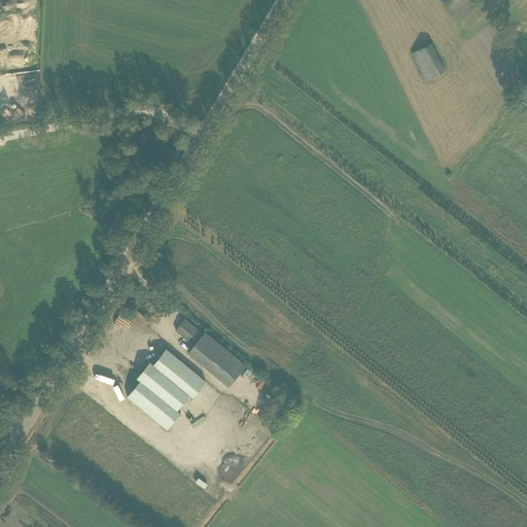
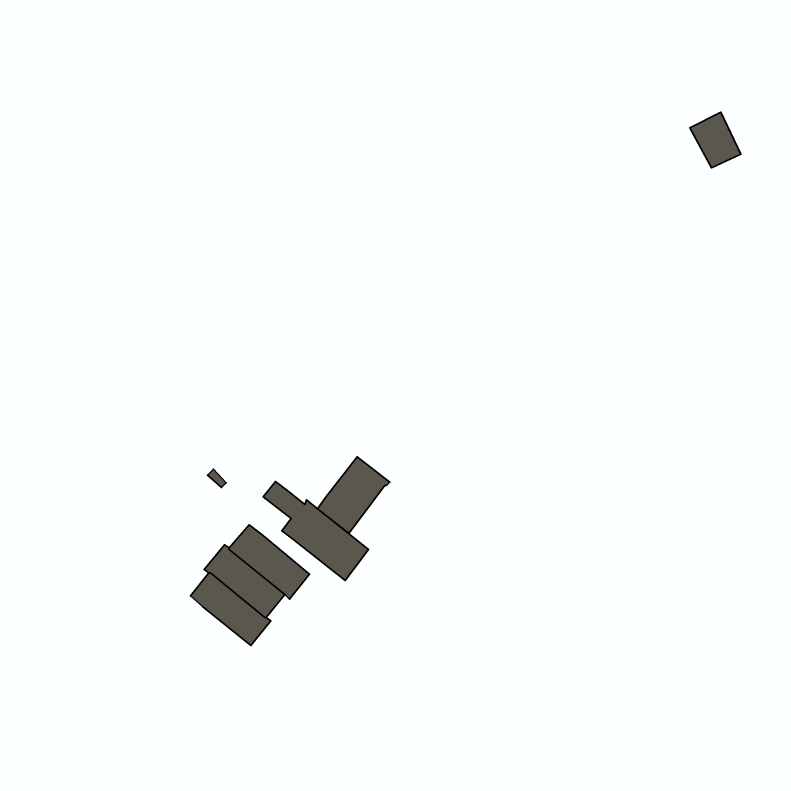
building: [411,43,445,80] -> [690,112,741,168]
building: none -> [318,457,390,533]

